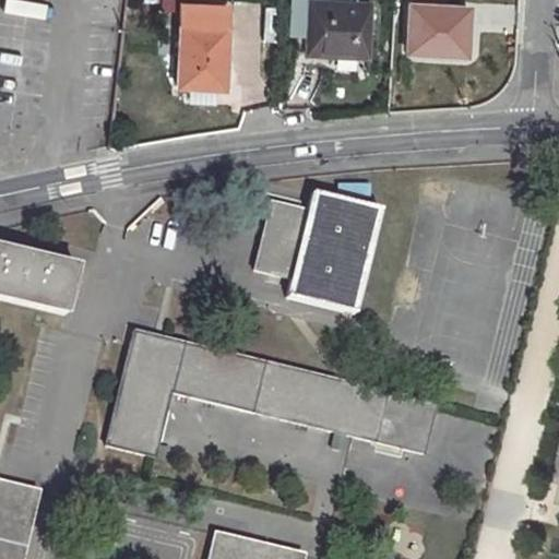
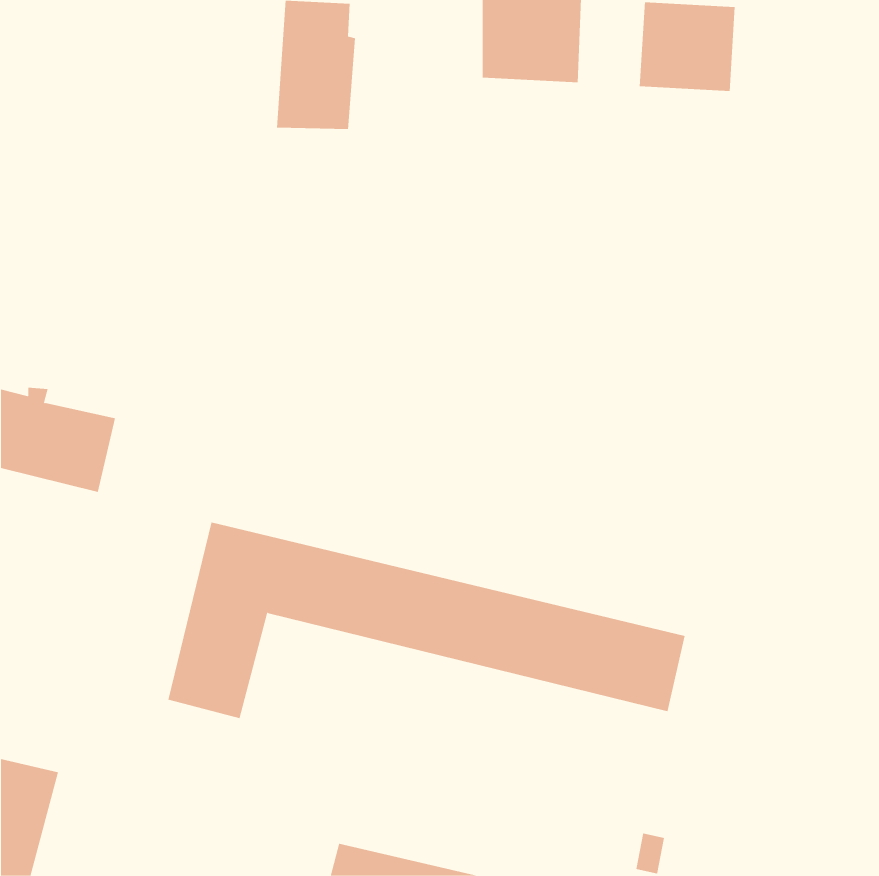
building: [257,191,381,311] -> none

